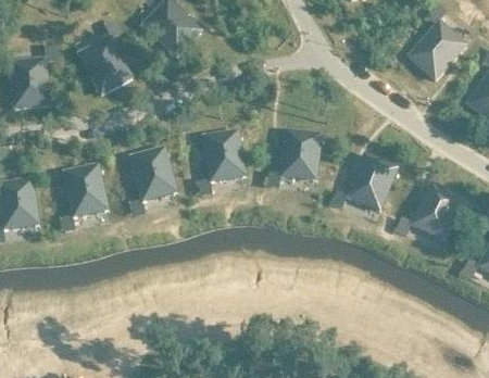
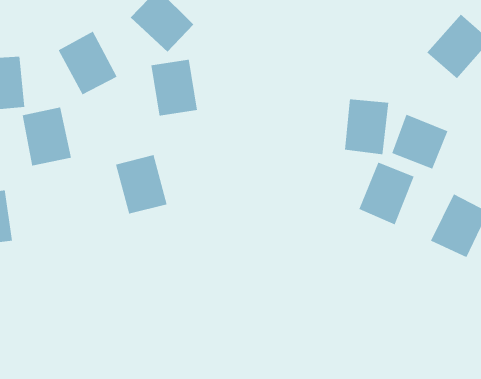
building: none -> [391,114,448,170]
building: [203,129,246,180] -> [150,59,198,116]
building: [281,129,322,179] -> [344,99,389,155]
building: [64,163,109,216] -> [22,107,72,166]

